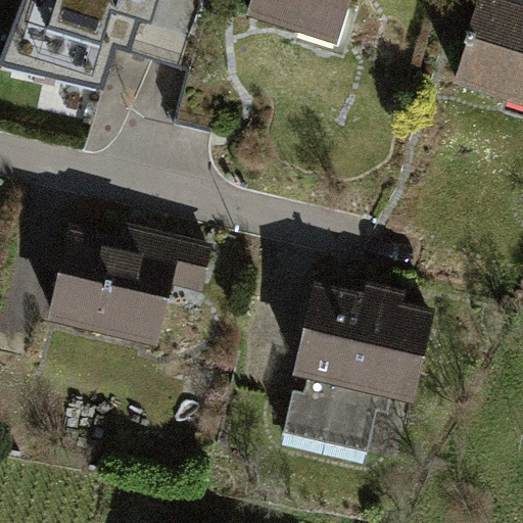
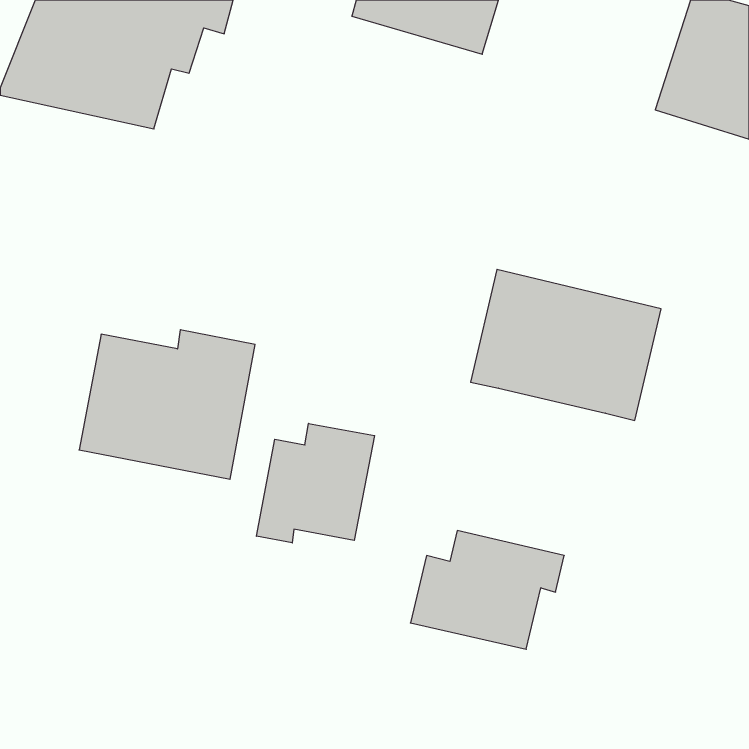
building: [299,287,432,392] -> [471,269,661,420]
building: none -> [256,423,375,543]

